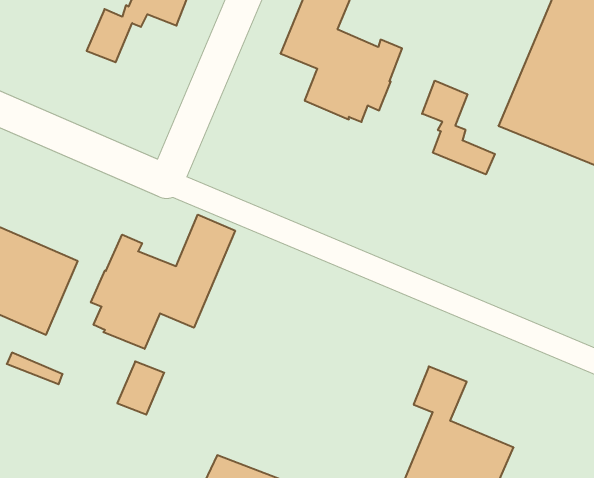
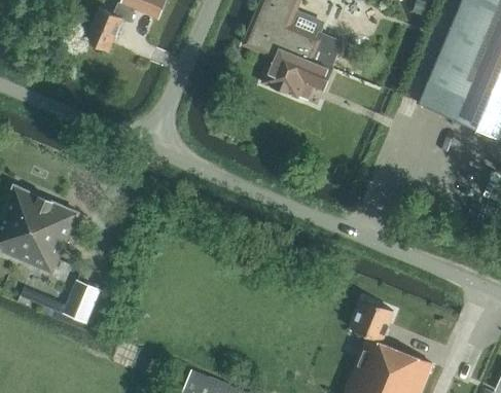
building: [422,81,495,174] -> none
building: [91,215,235,349] -> none
building: [117,361,164,415] -> [63,280,101,323]

